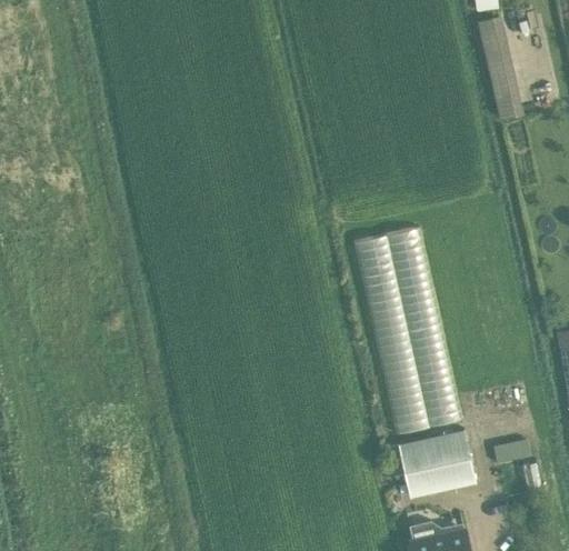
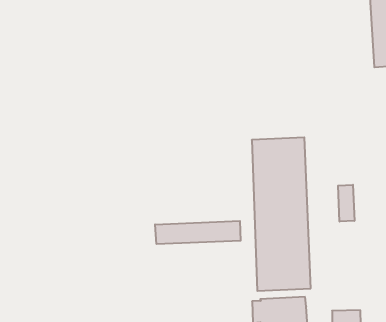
building: none -> [338,185,354,222]
building: none -> [155,221,241,244]

